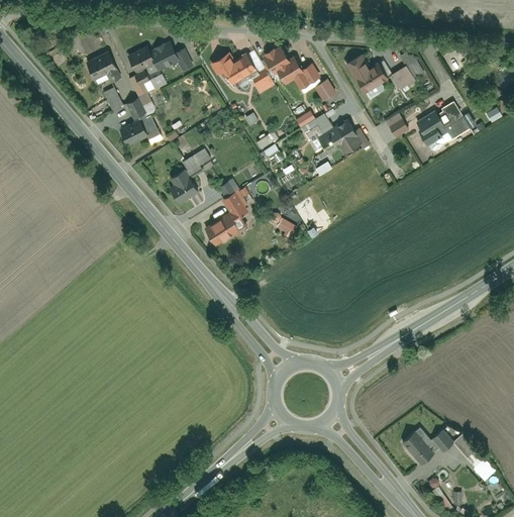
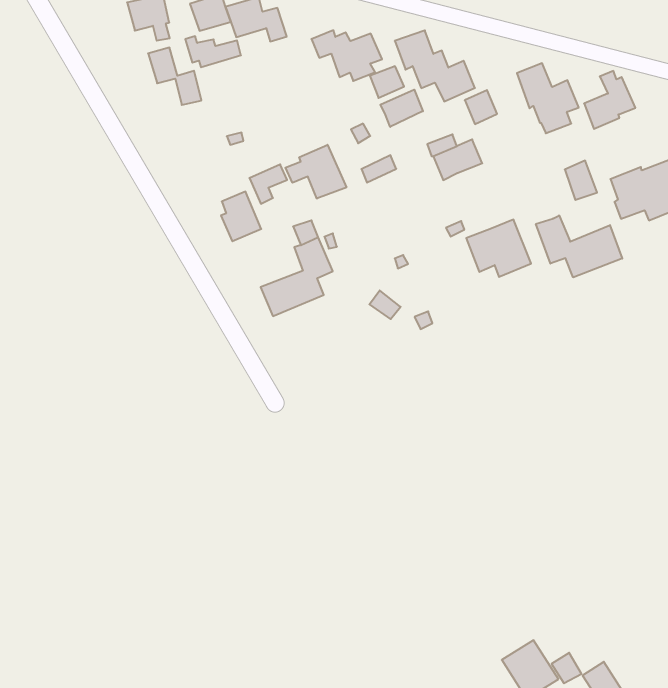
building: none -> [380,90,423,127]
building: [121,116,162,145] -> none
building: [317,117,362,156] -> [466,220,531,277]
building: none -> [285,145,346,199]
building: none -> [536,215,622,277]

